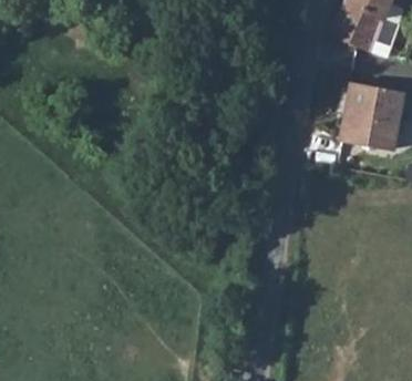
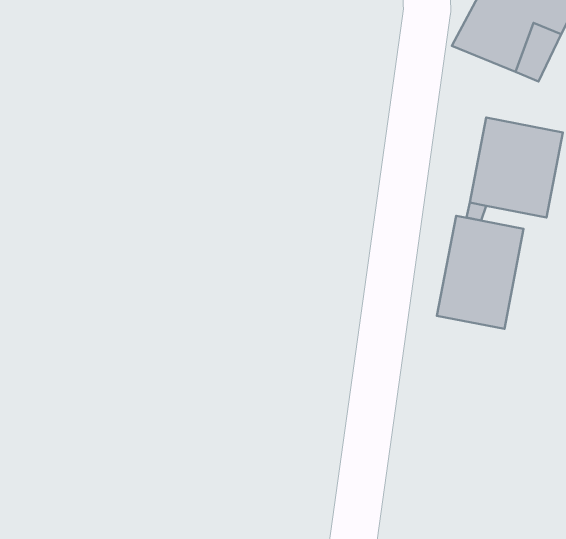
building: none -> [437,216,524,329]

